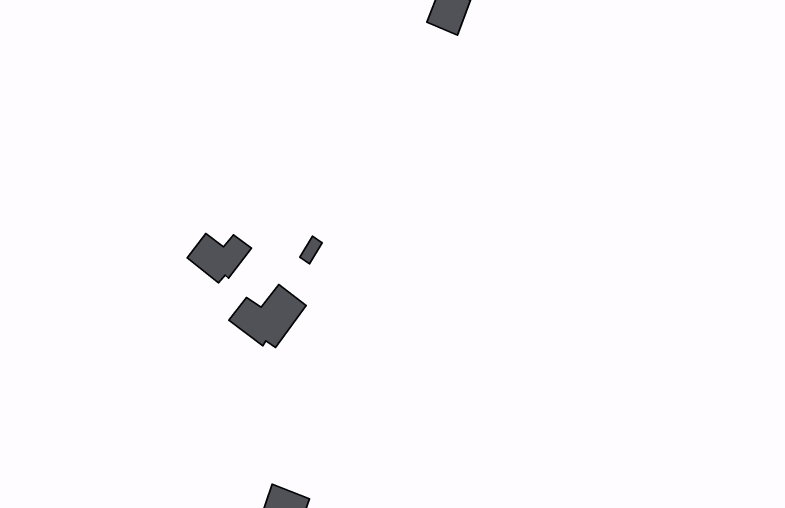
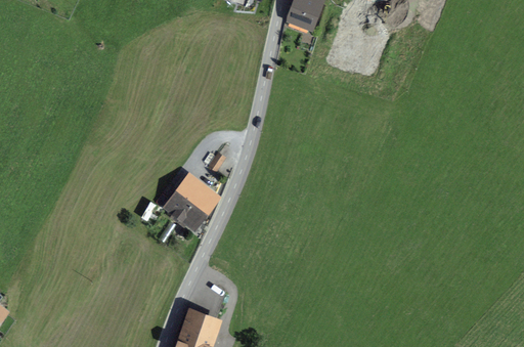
building: [187,234,251,283] -> none

